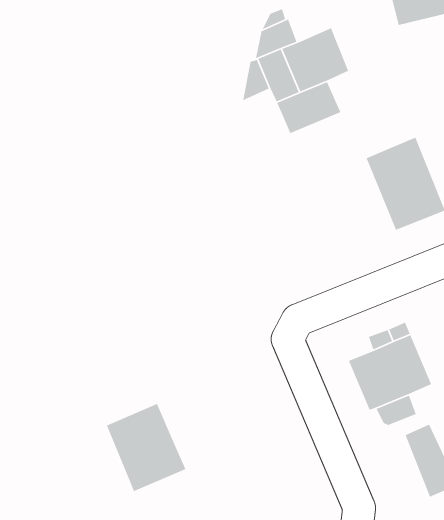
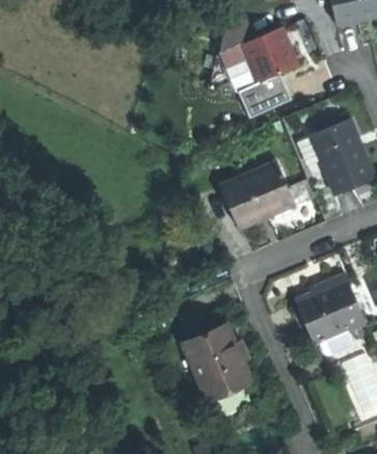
building: none -> [219,161,296,230]
building: [106,403,186,492] -> [183,326,249,400]

